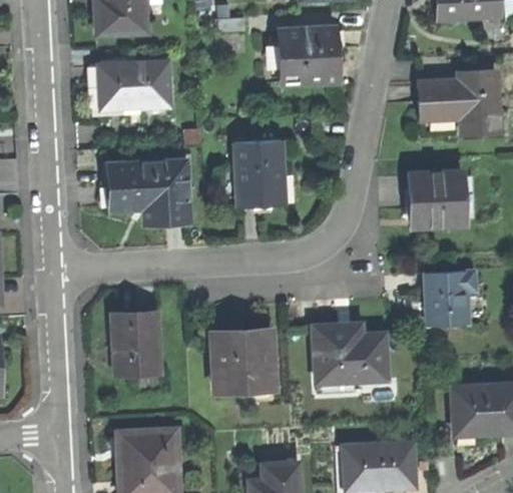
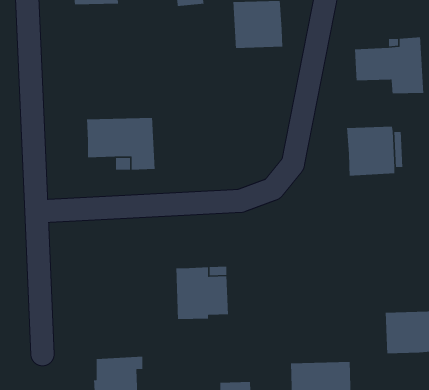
building: [97,63,168,113] -> none
building: [235,140,284,207] -> none
building: [425,271,473,325] -> none
building: [111,314,159,374] -> none
building: [313,327,385,396] -> none

